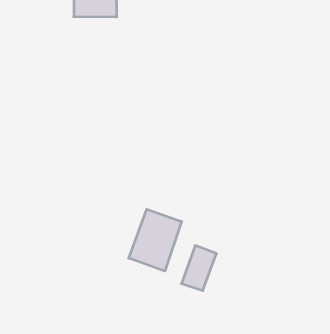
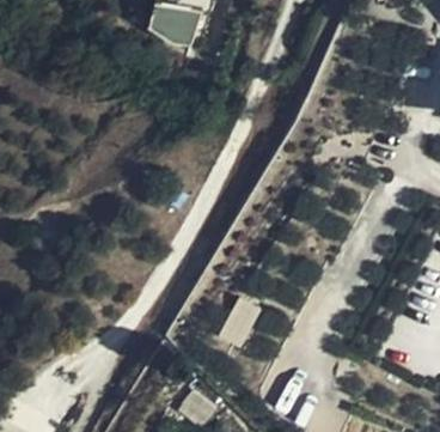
building: [129,209,182,271] -> none

